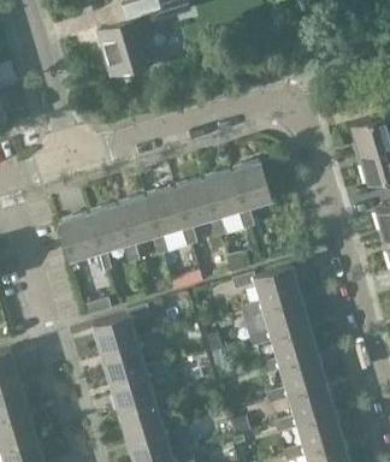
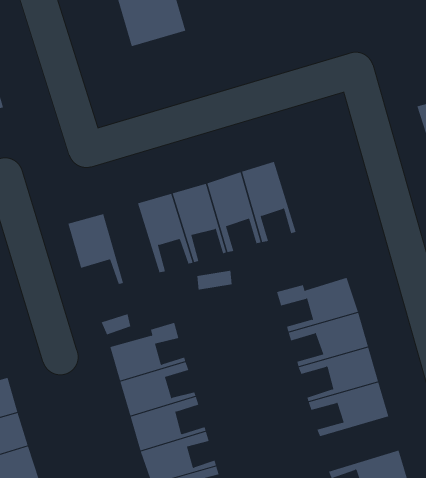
building: [230,161,271,229] -> none
building: [88,205,134,271] -> none
building: [267,381,333,427] -> none

